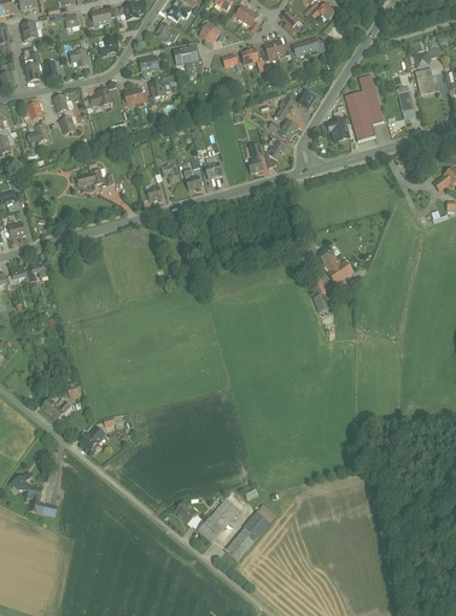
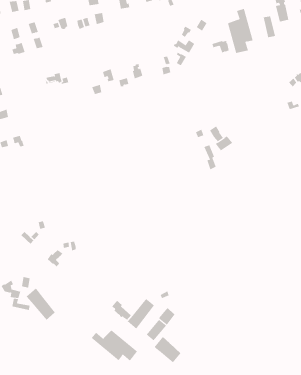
building: none -> [26,288,56,321]
building: none -> [91,330,138,361]
building: none -> [154,336,181,363]

